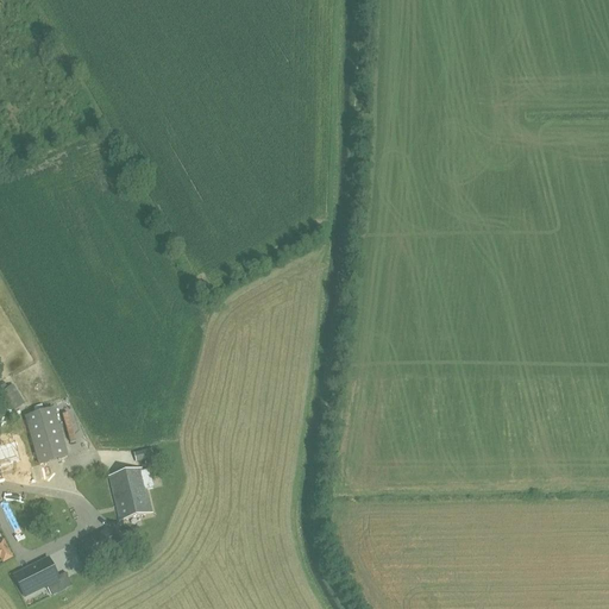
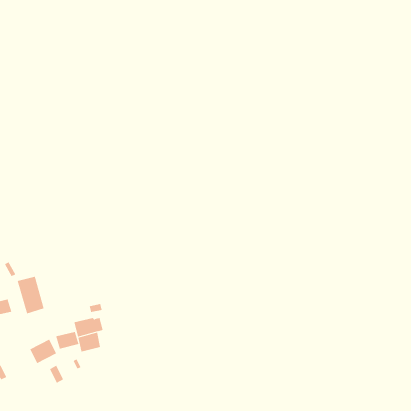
building: none -> [55,331,79,350]
building: [17,557,57,594] -> [29,339,57,364]

